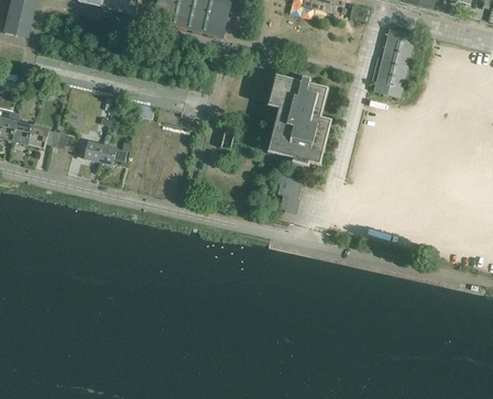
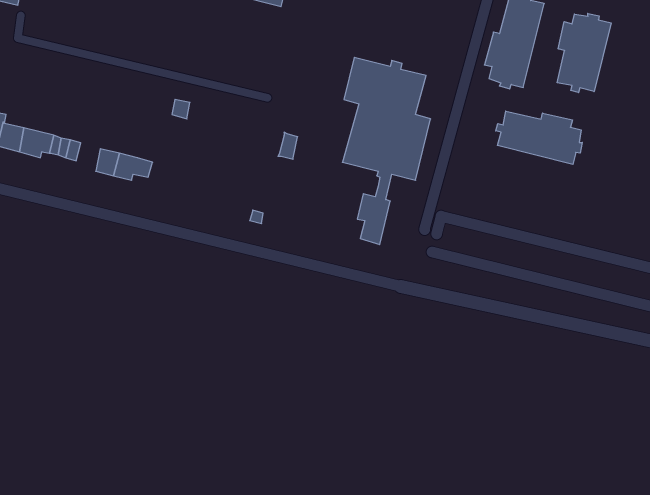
building: none -> [557,13,611,93]
building: none -> [496,111,582,164]

